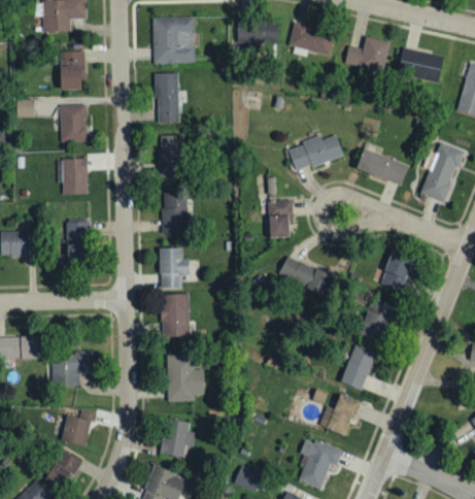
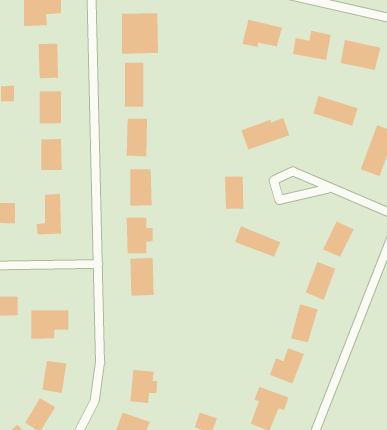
building: [237,25,278,56] -> none
building: [357,151,408,186] -> [312,95,358,126]
building: [168,355,204,401] -> none

